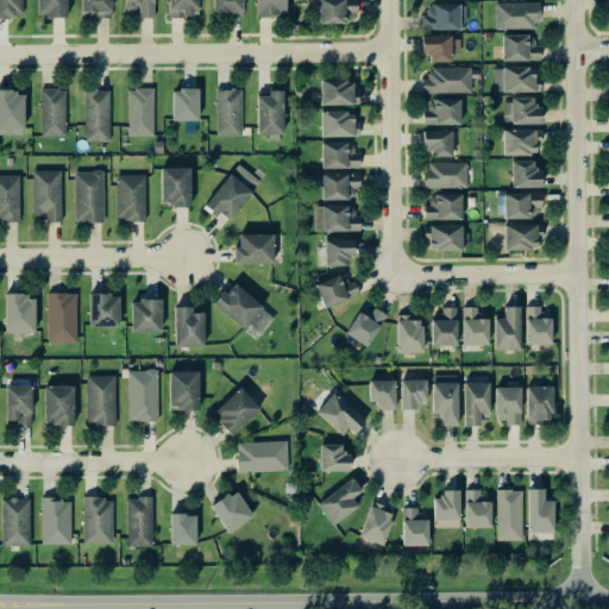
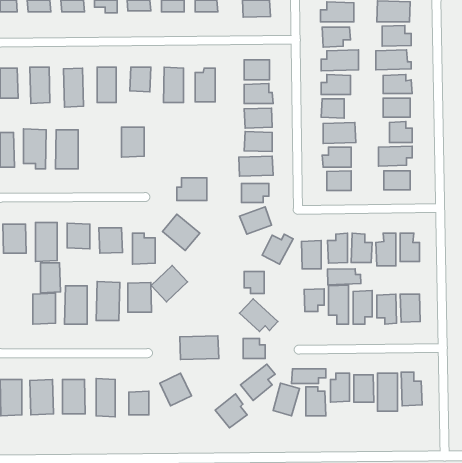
building: [203,164,262,220] -> none
building: [118,175,146,220] -> none
building: none -> [327,269,361,285]
building: [370,381,396,409] -> [244,272,264,293]
building: [7,385,33,425] -> [40,263,60,293]
building: [213,388,260,435] -> [151,265,188,302]
building: none -> [292,369,326,383]
building: none -> [215,394,247,428]

